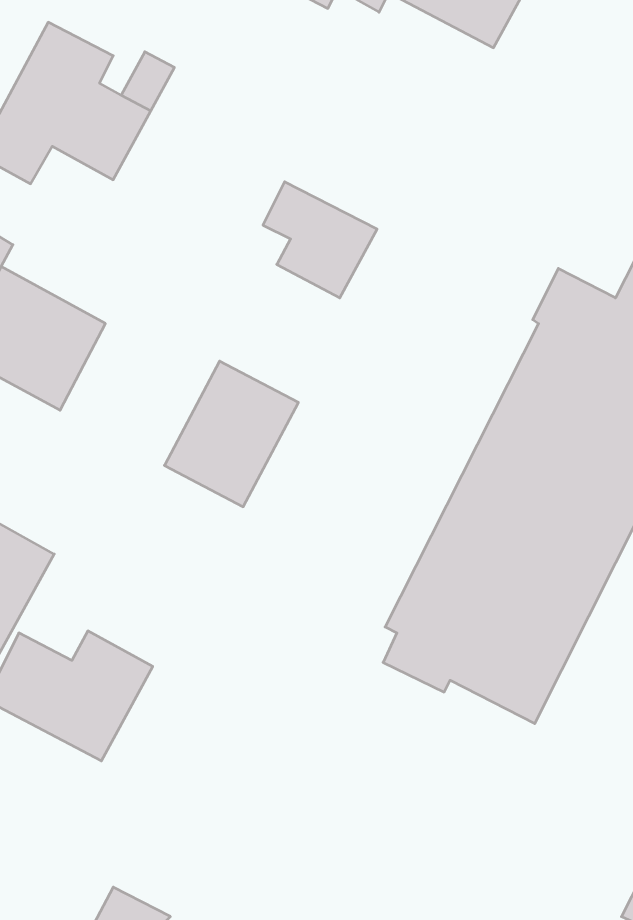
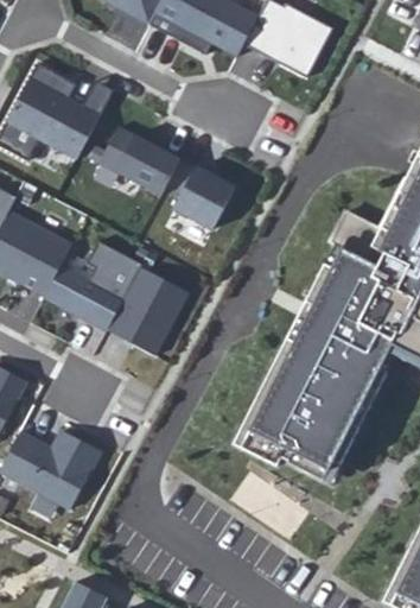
building: none -> [94,126,180,205]
building: none -> [45,241,142,330]

